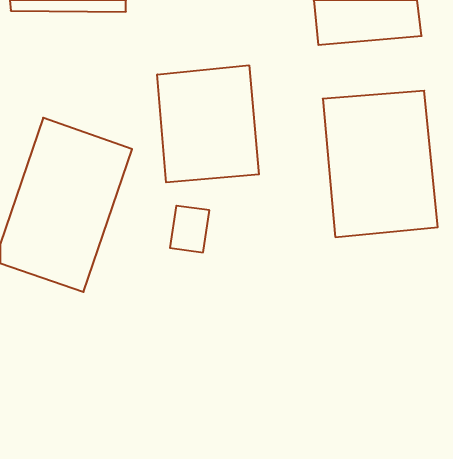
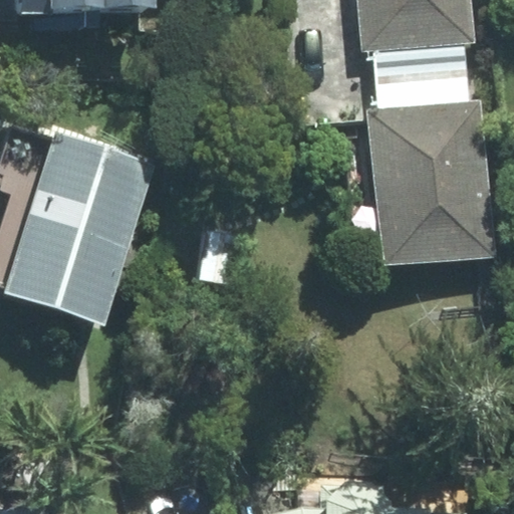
building: [157,65,259,182] -> none

